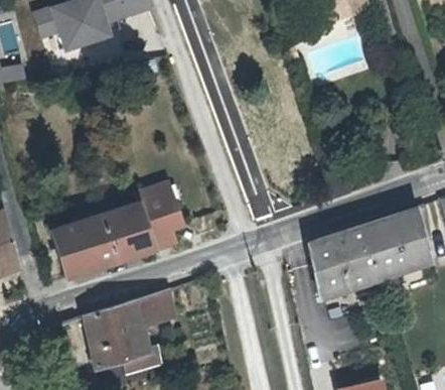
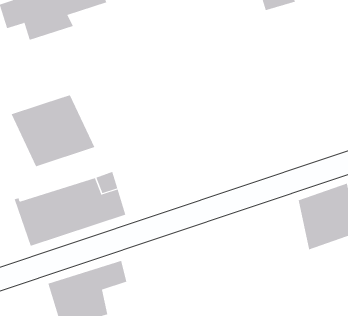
building: none -> [11,94,95,167]
building: [311,227,376,299] -> none

